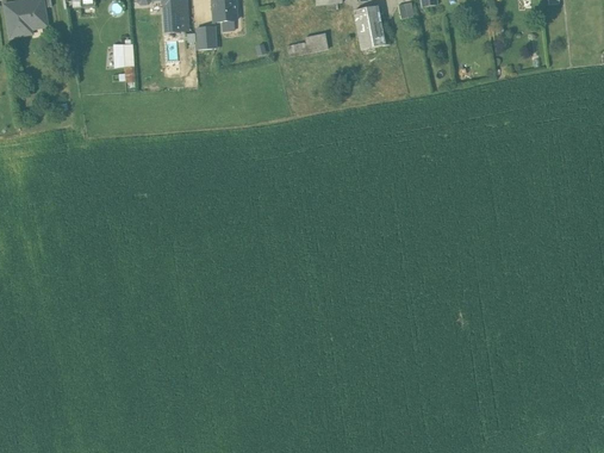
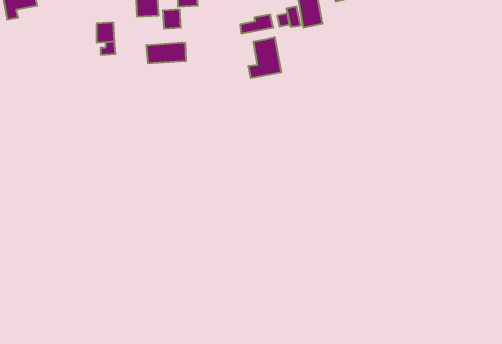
building: none -> [248,37,281,78]
building: none -> [146,42,186,63]

